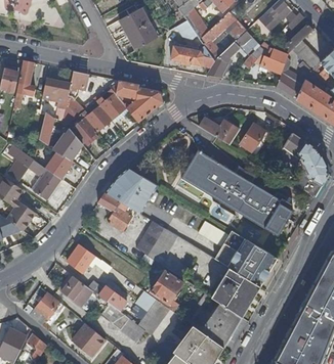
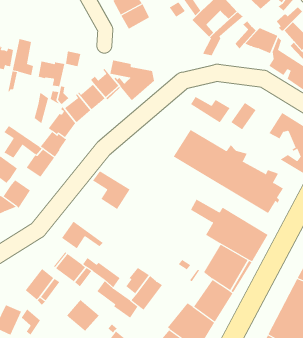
building: [169,46,212,67] -> none
building: [105,168,157,215] -> none
building: [136,222,178,264] -> none
building: [150,270,182,311] -> none

